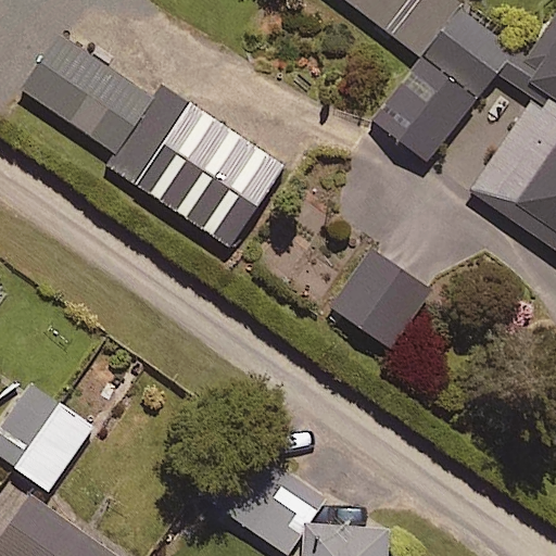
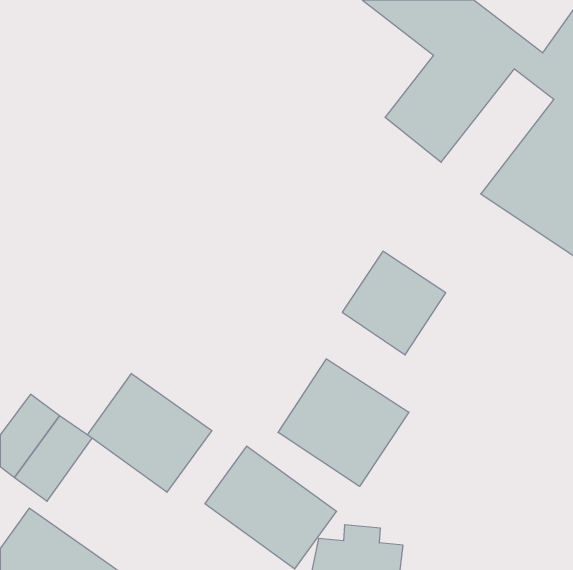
building: [23,37,282,244] -> none
building: none -> [278,359,409,486]
building: none -> [87,373,212,492]

